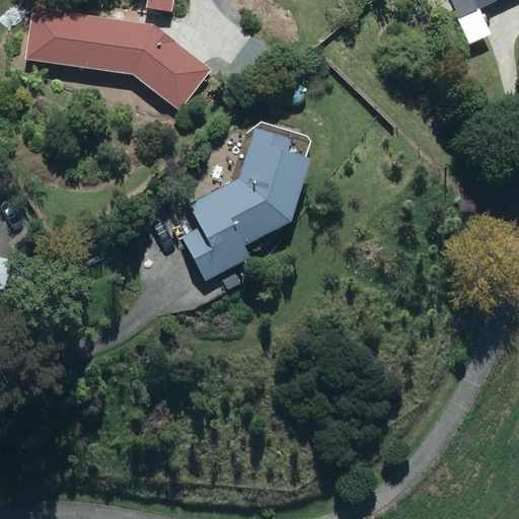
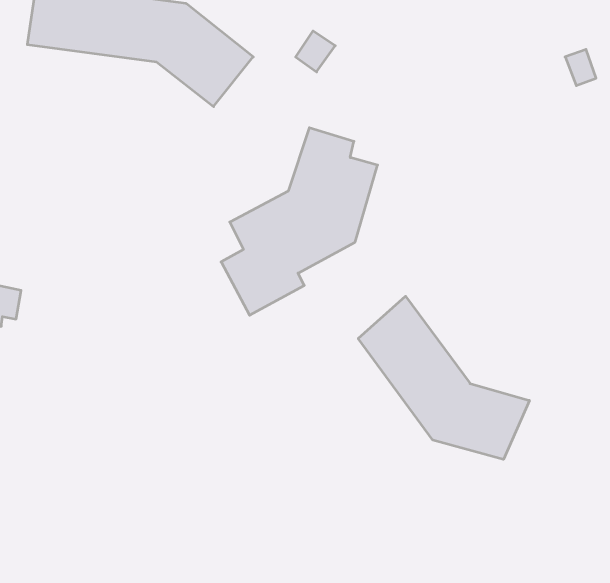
building: none -> [358,296,529,459]

